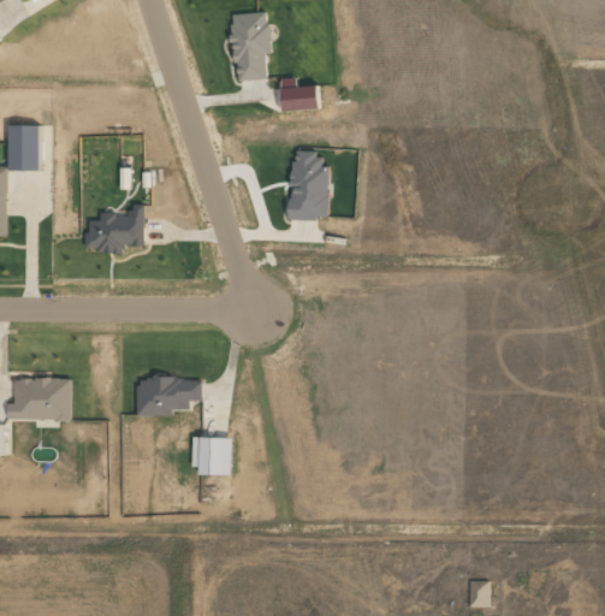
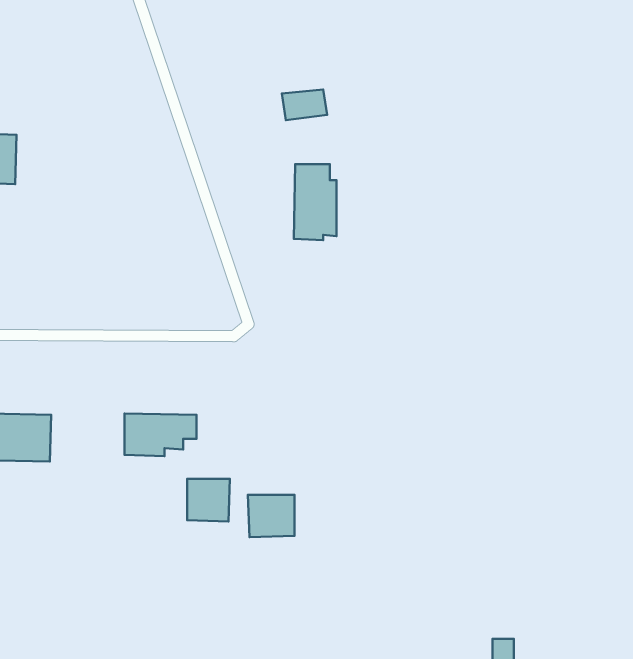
building: [232,11,271,79] -> none
building: [85,205,144,253] -> none
building: none -> [248,495,294,537]

